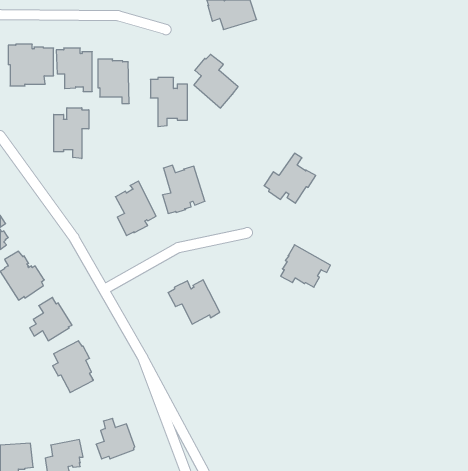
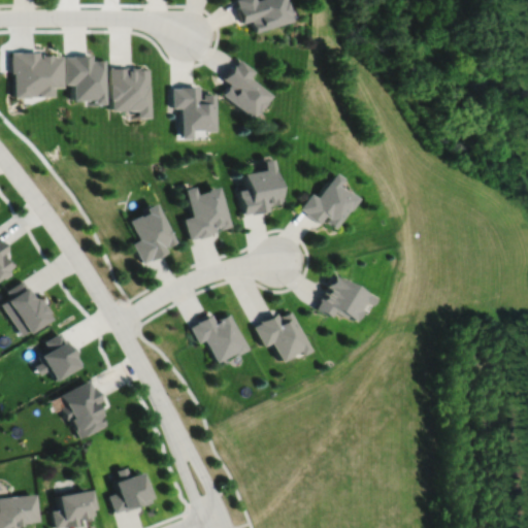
building: [54,108,89,159] -> none
building: none -> [240,159,283,214]
building: none -> [256,311,314,362]

